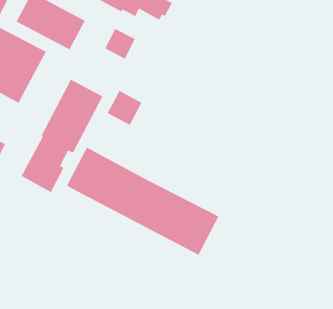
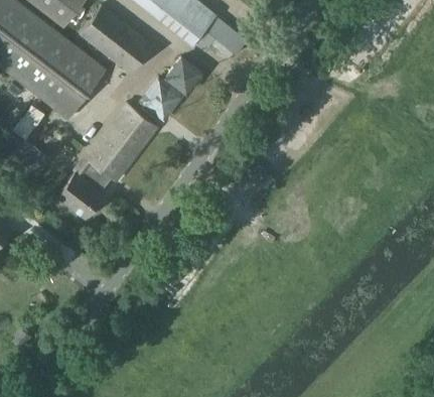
building: [107,90,143,126] -> [143,80,182,119]
building: [66,146,220,256] -> none

